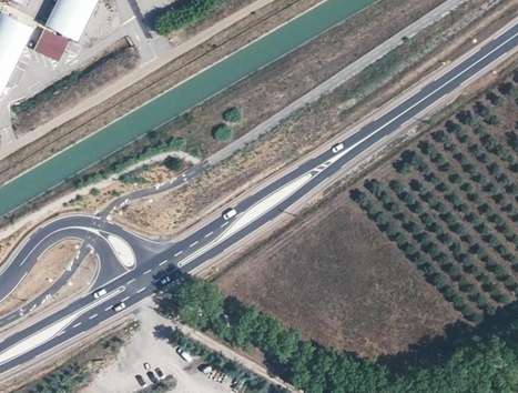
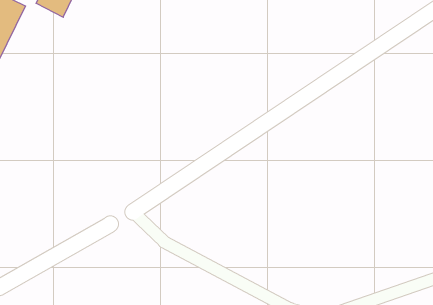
building: [32,31,68,63] -> none

